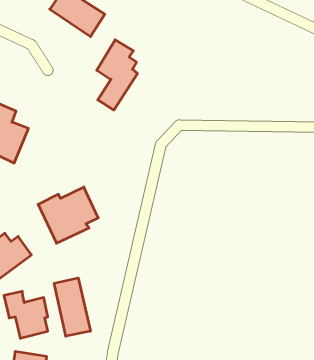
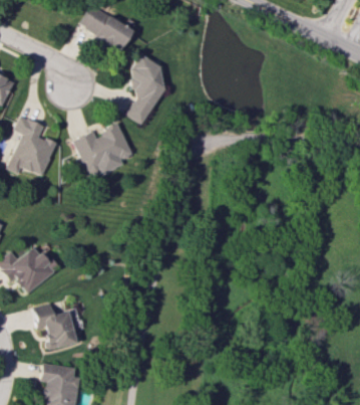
building: [38,187,98,243] -> [72,124,131,179]
building: [54,278,90,336] -> none

